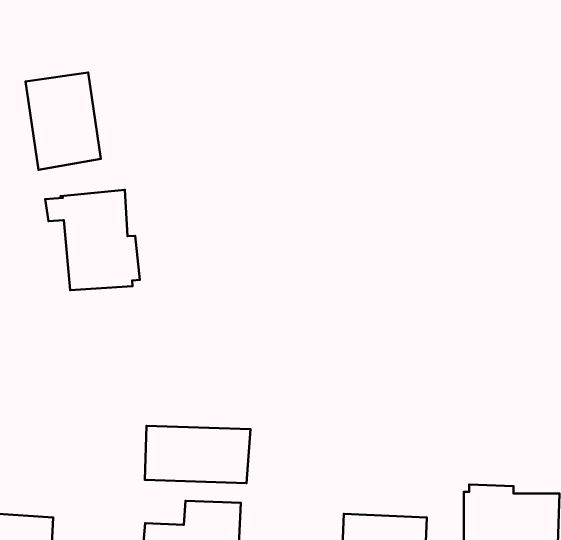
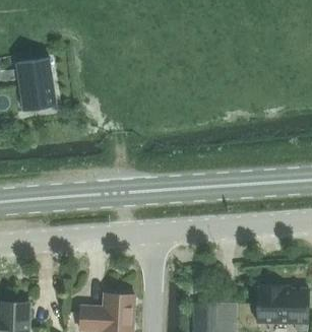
building: [45,190,140,290] -> none
building: [145,426,251,483] -> none

